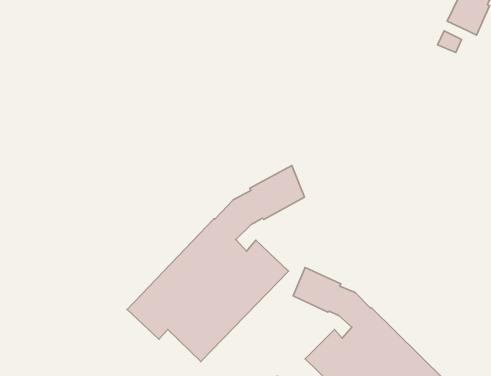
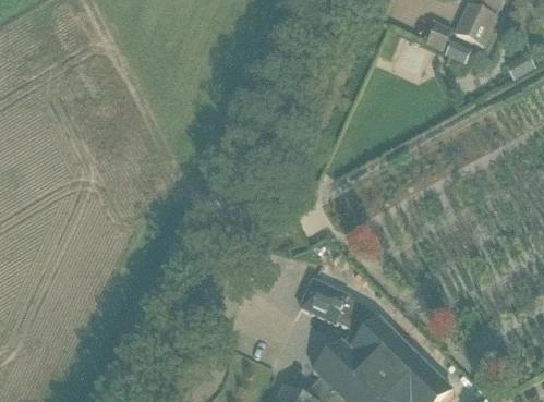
building: [127,166,305,362] -> none

